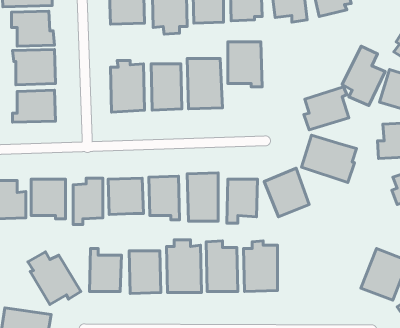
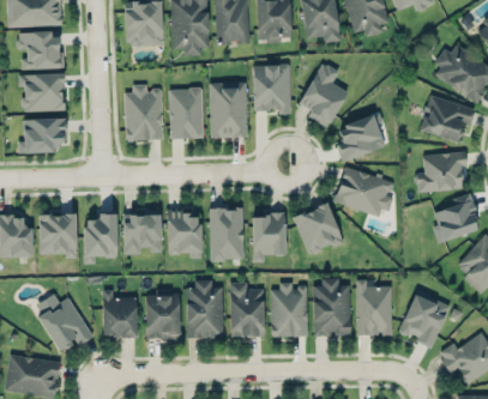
building: [342,46,385,105] -> [300,62,347,127]
building: none -> [312,278,350,337]
building: none -> [356,279,392,334]

